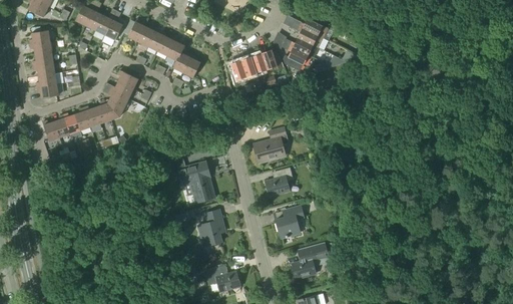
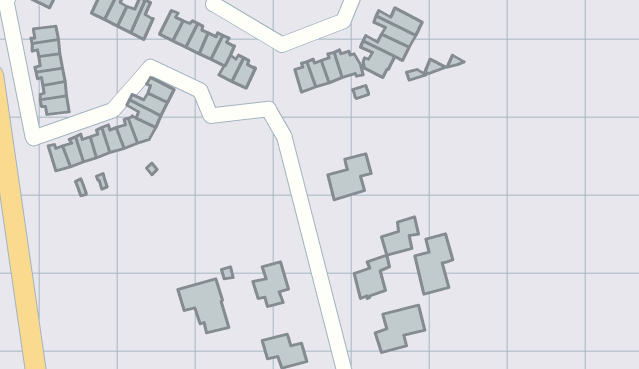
building: [176,161,215,202] -> [178,279,229,333]
building: [266,167,294,196] -> [382,217,418,255]
building: none -> [415,234,453,294]

